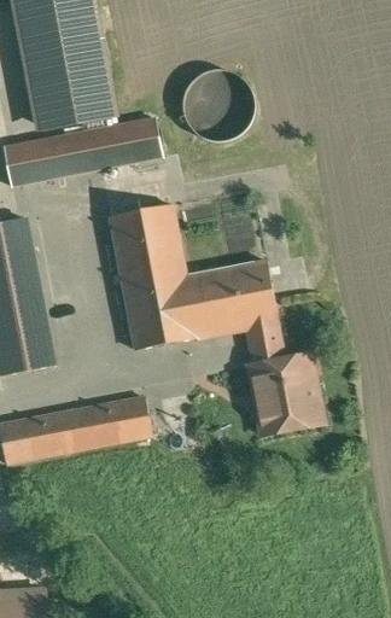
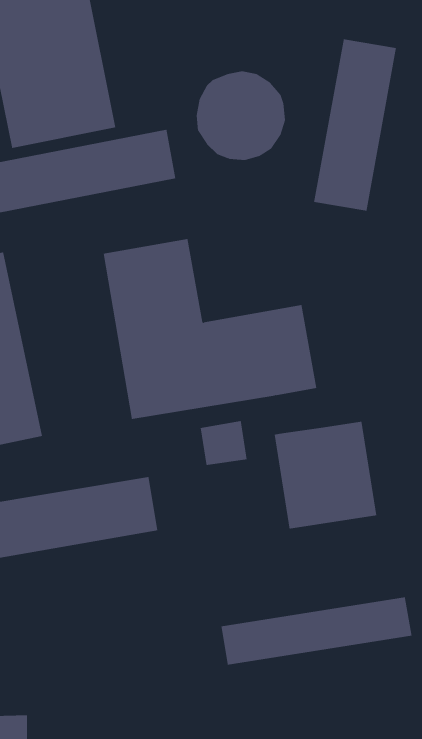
building: none -> [314,38,397,212]
building: [246,326,285,362] -> [200,420,248,465]
building: none -> [221,597,412,665]

